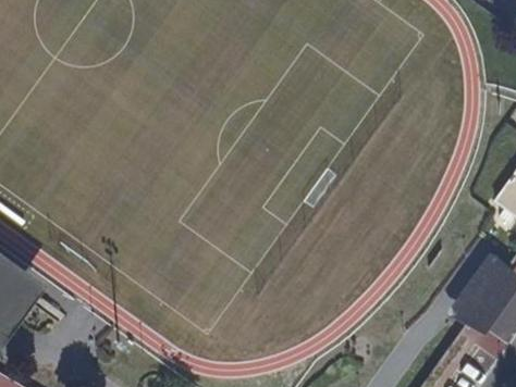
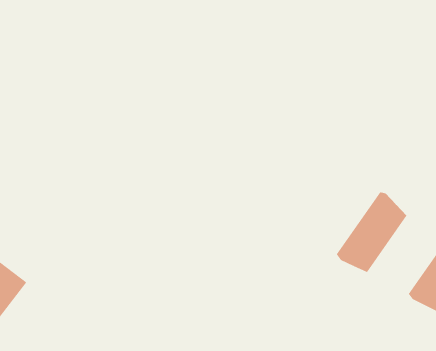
building: none -> [336,192,407,273]

